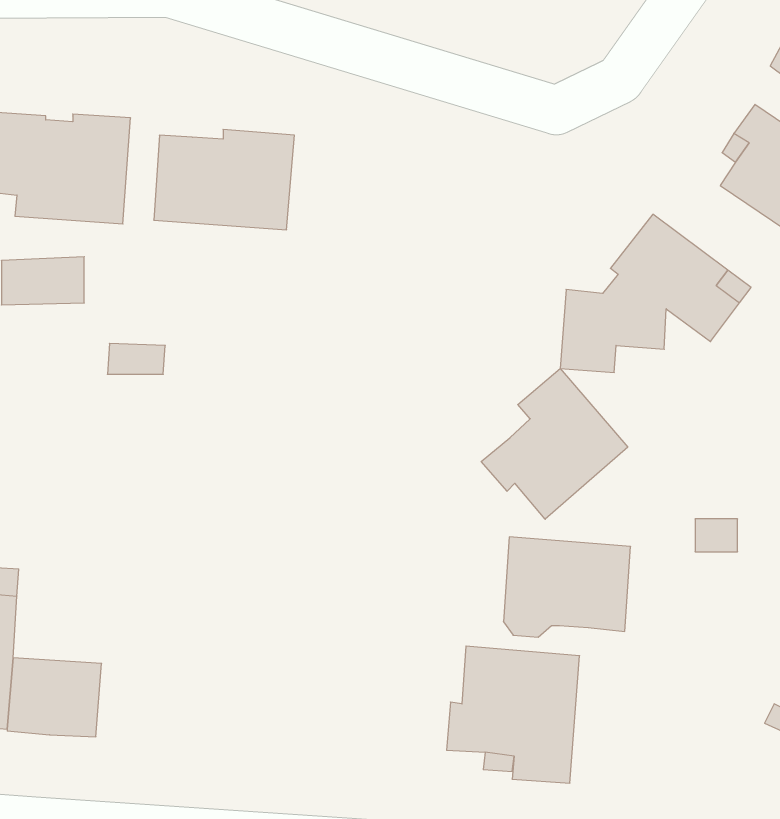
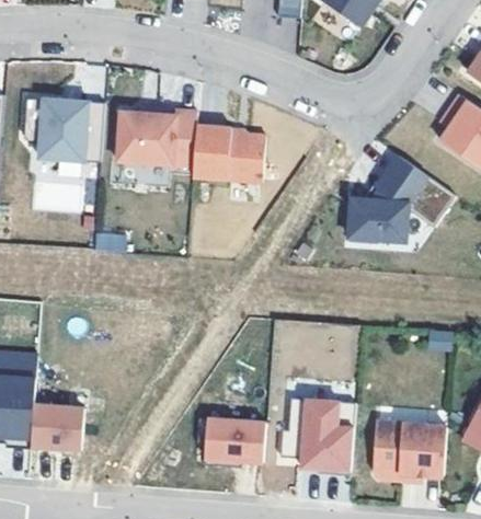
building: none -> [190,123,263,185]
building: [481,369,628,519] -> none
building: [503,537,631,637] -> [377,425,449,482]
building: none -> [199,419,268,468]

